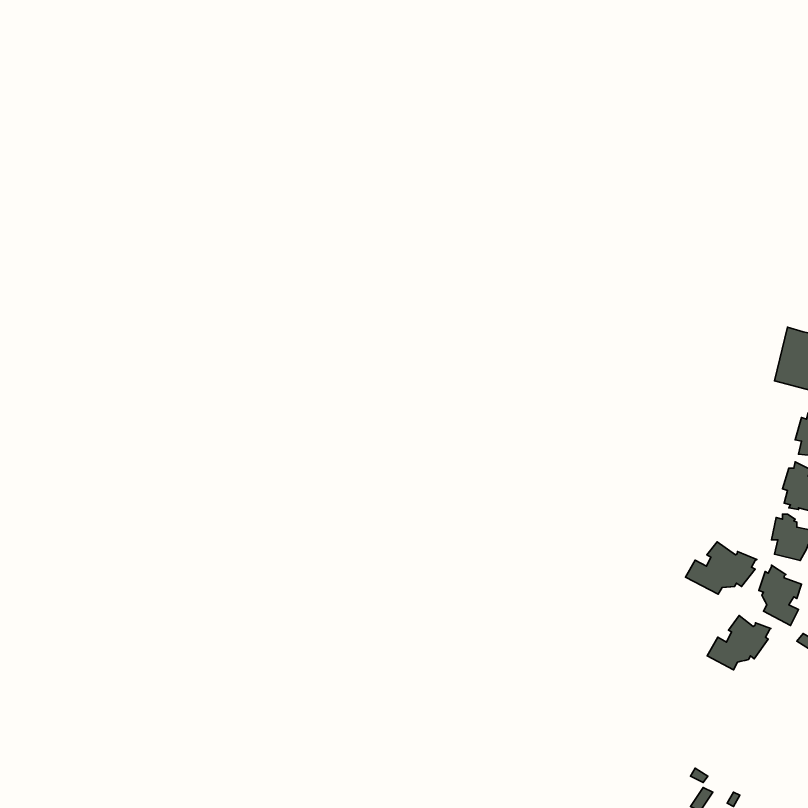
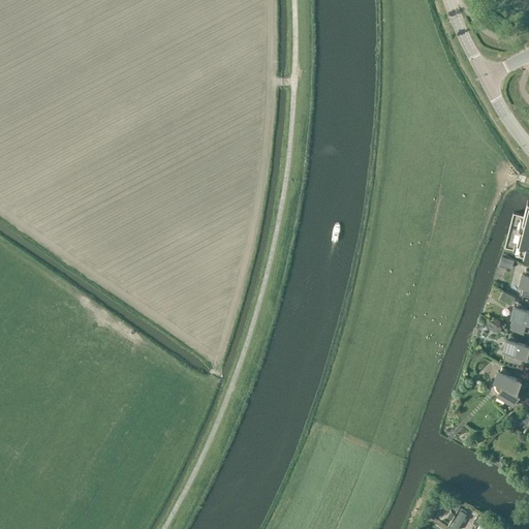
building: [686,542,757,594] -> none
building: [707,615,771,670] -> none

